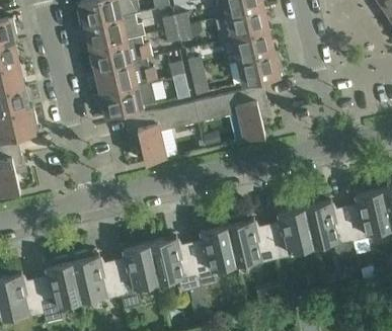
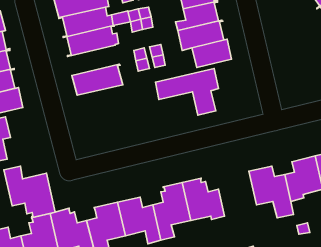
building: [91,59,157,94] -> none
building: [125,102,199,163] -> none
building: none -> [4,166,55,217]
building: [268,206,313,259] -> none

